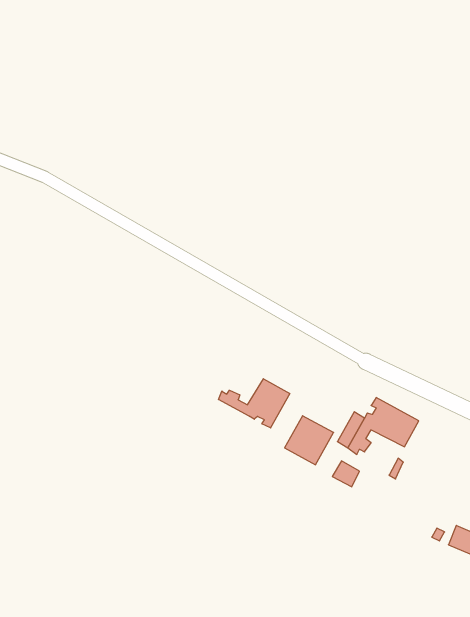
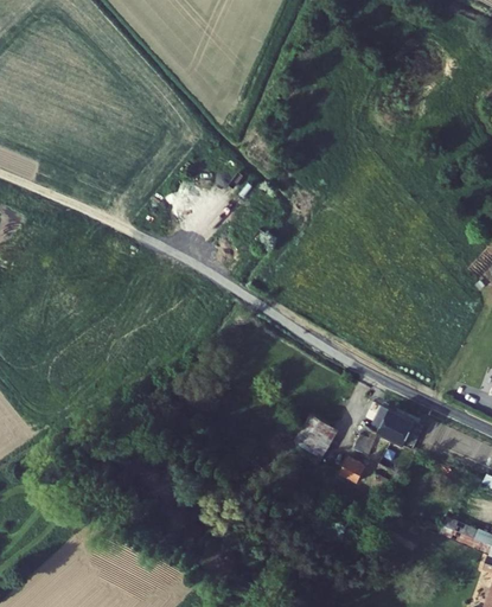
building: [219,379,290,428] -> none

